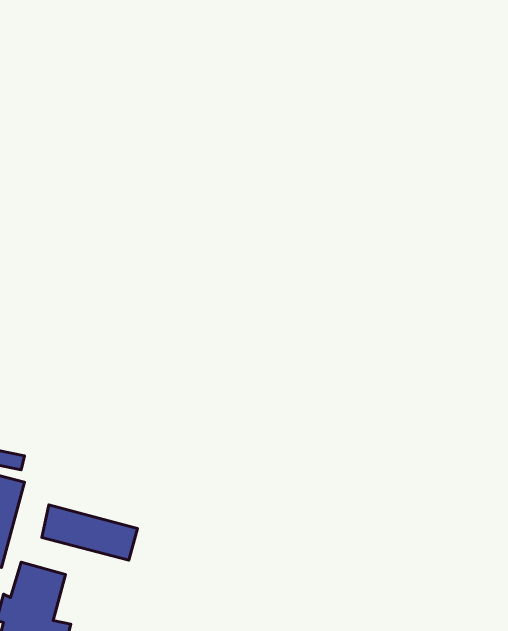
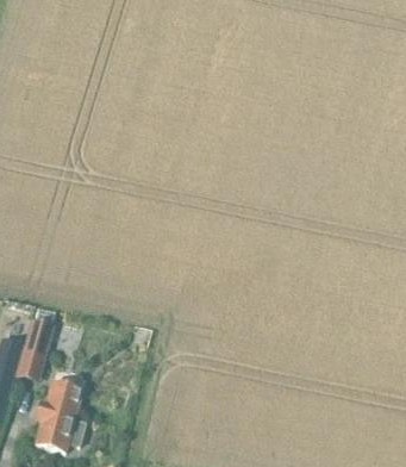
building: [42,505,137,560] -> none

